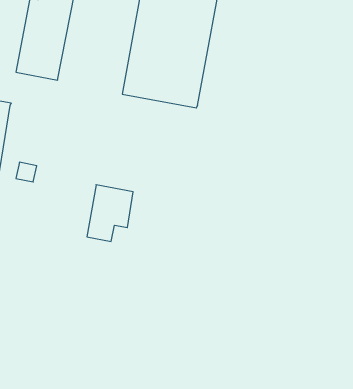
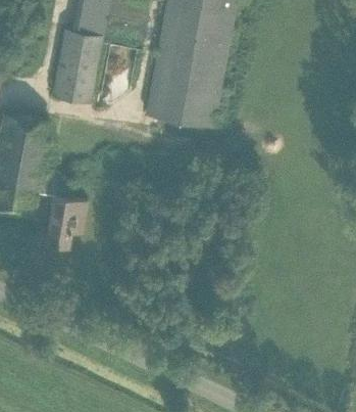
building: [87,185,133,241] -> [46,197,87,247]

